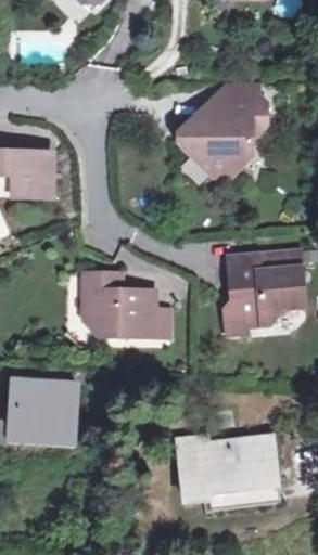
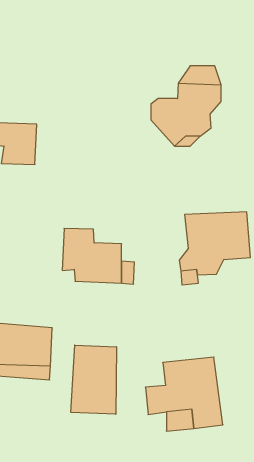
building: none -> [71,345,116,414]

